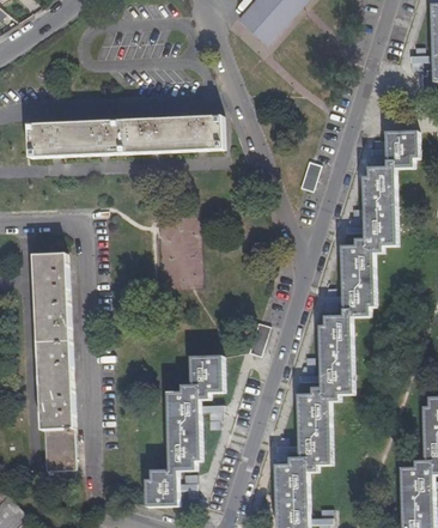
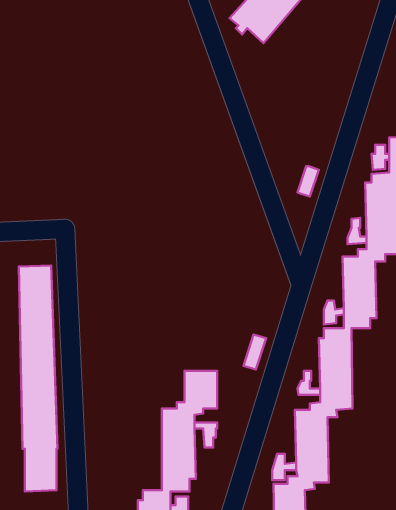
building: [29,114,224,156] -> none

